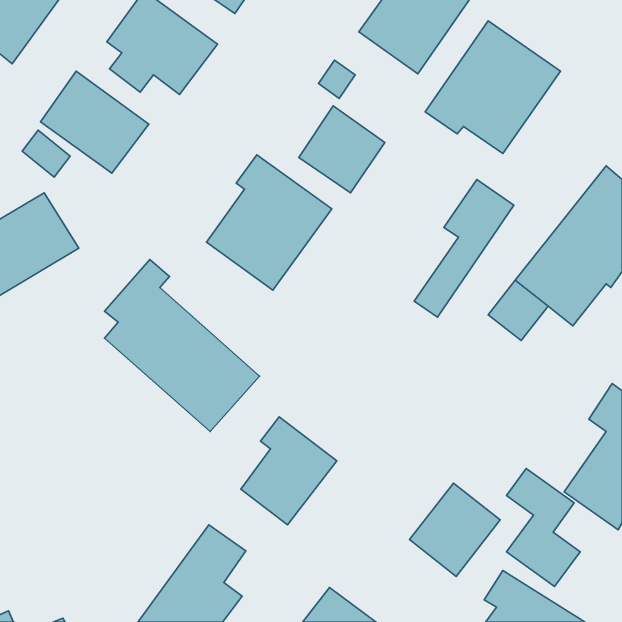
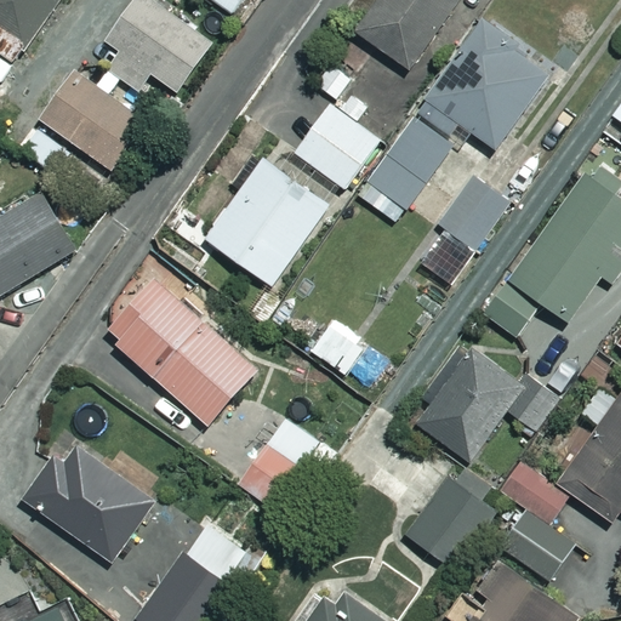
building: none -> [357,118,450,222]
building: none -> [414,348,552,461]
building: none -> [22,445,155,563]

